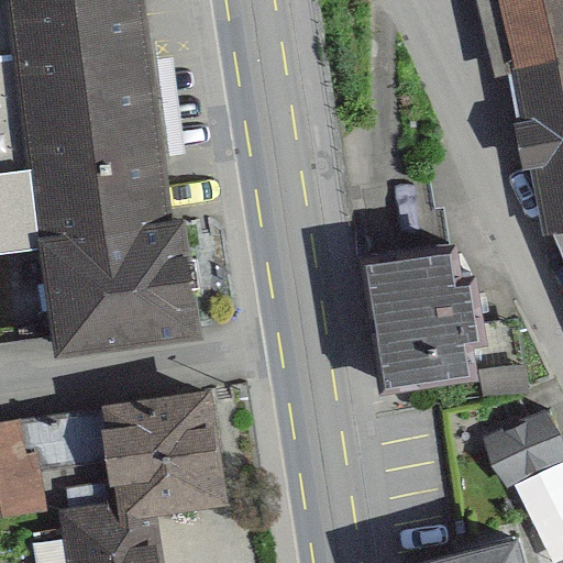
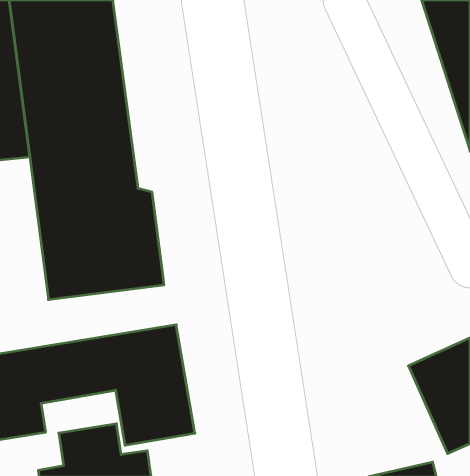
building: [369,250,514,397] -> none

